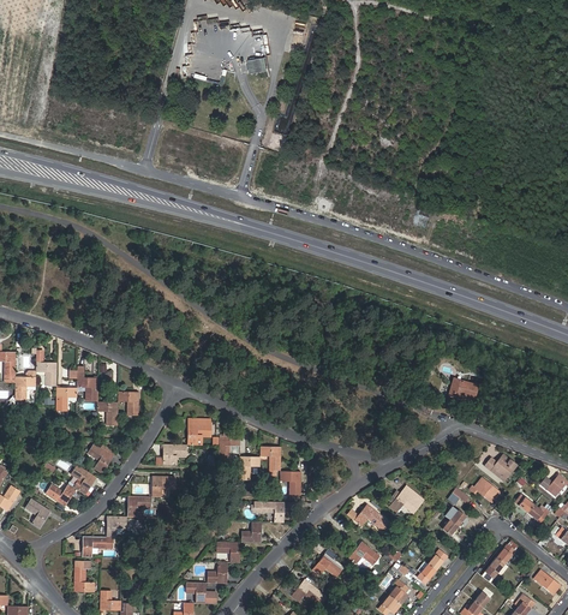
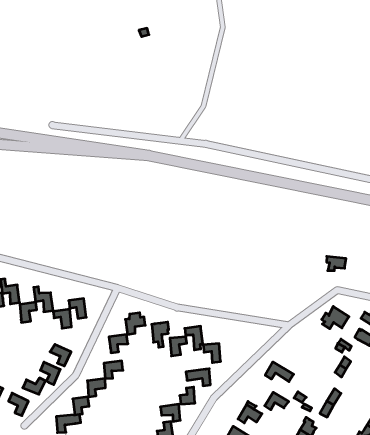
building: [389,485,424,514] -> [322,306,349,329]

